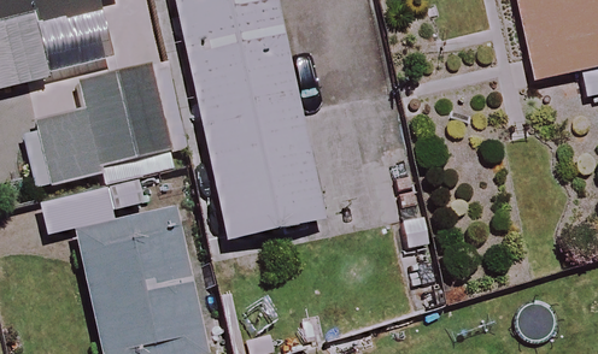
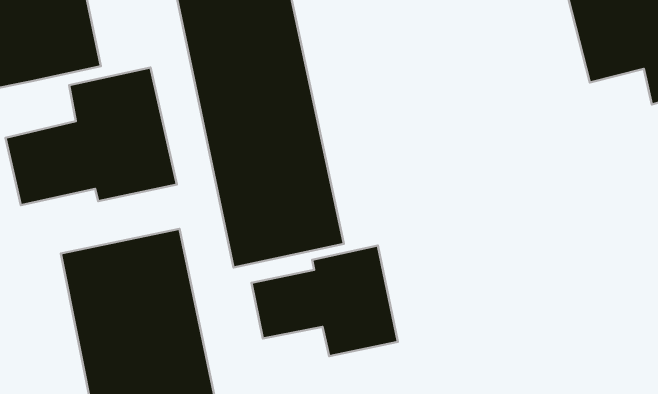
building: none -> [252,245,398,356]

